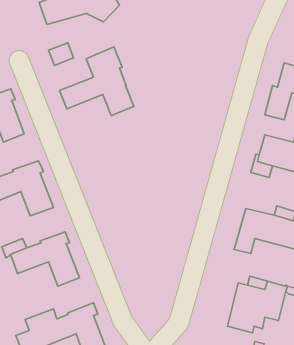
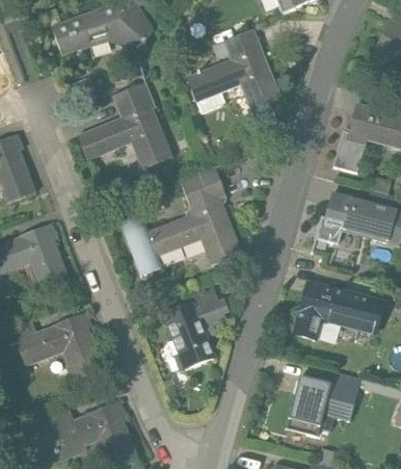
building: none -> [187,29,282,138]
building: none -> [117,170,240,277]
building: none -> [165,283,229,371]

